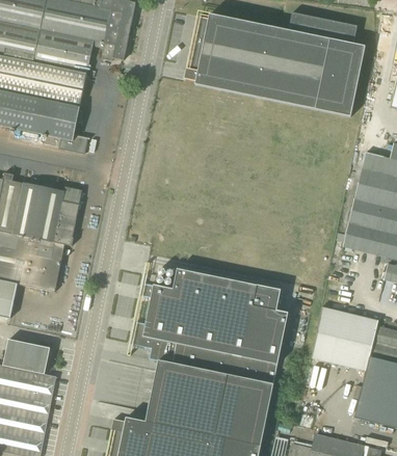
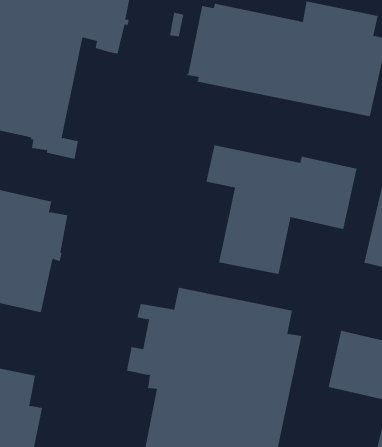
building: none -> [206,144,357,275]

